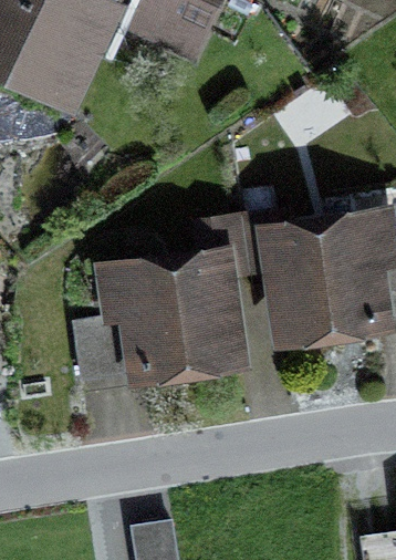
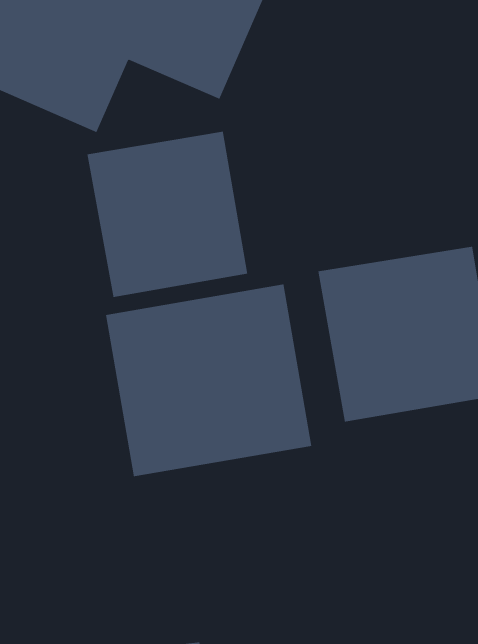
building: none -> [87,131,248,298]

